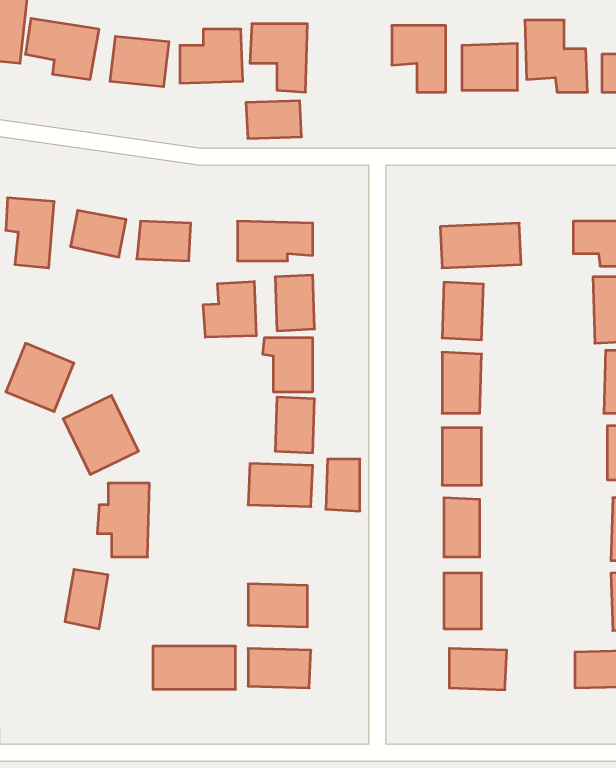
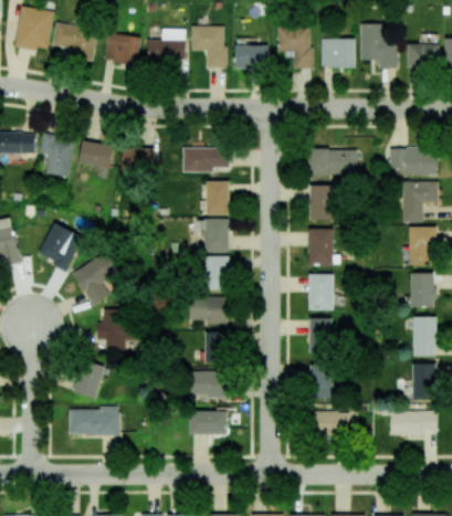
building: [246,101,302,138] -> [234,46,269,70]
building: [203,281,256,337] -> none
building: [326,459,360,511] -> [204,333,225,365]
building: [153,646,236,689] -> [69,409,119,435]

